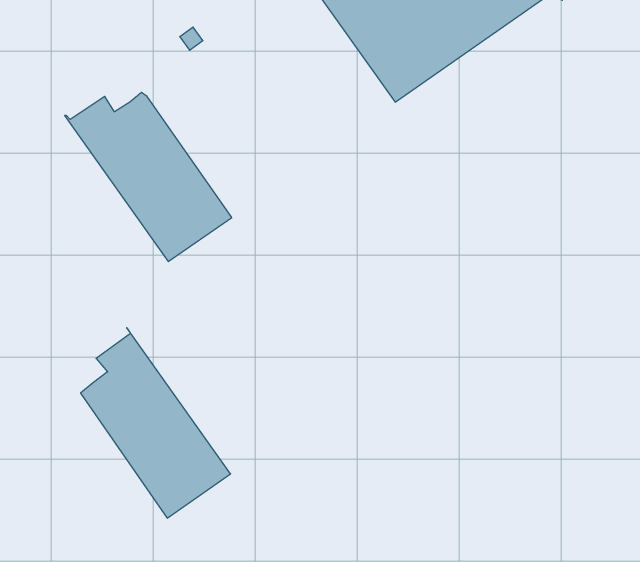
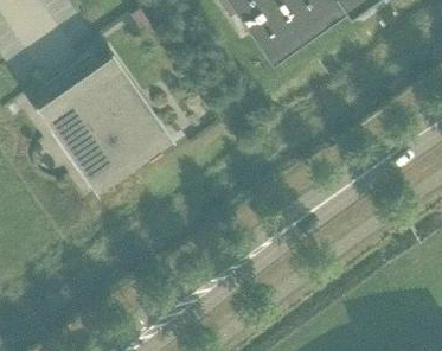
building: [81,328,231,518] -> [40,72,133,190]

